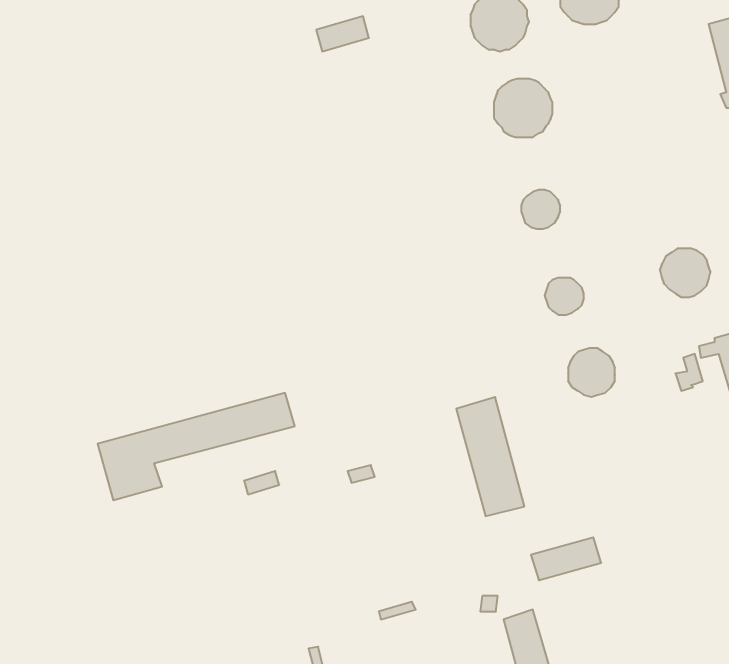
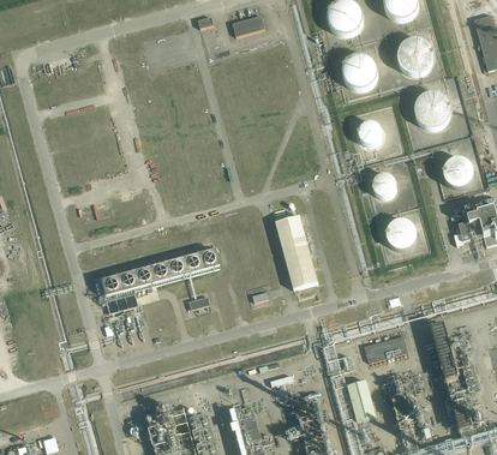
building: none -> [396,37,435,76]
building: none -> [412,91,450,128]
building: [456,397,524,516] -> [275,215,317,288]

